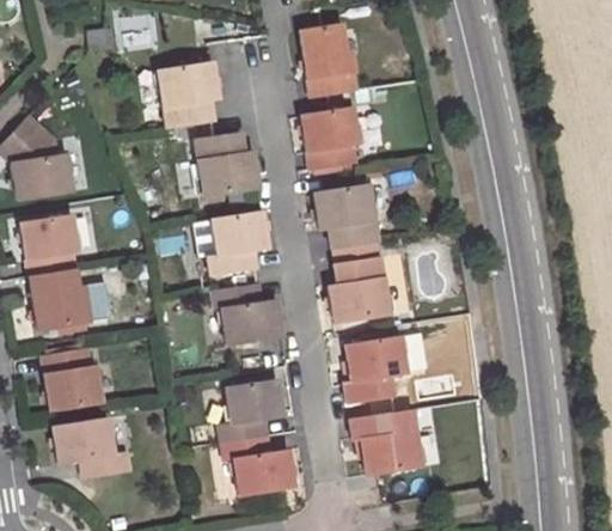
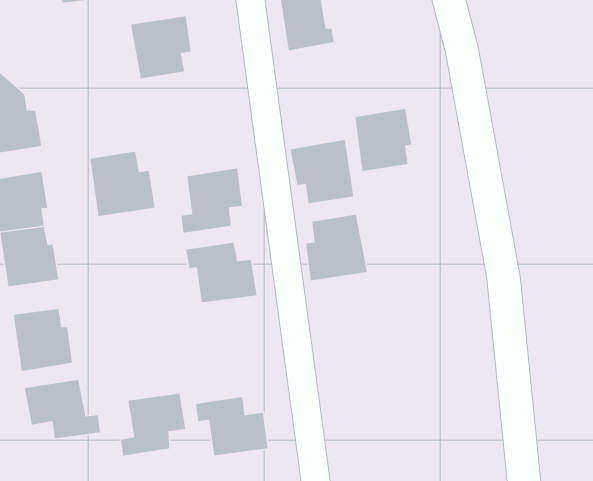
building: [302,108,359,170] -> [355,108,412,172]
building: [195,133,259,197] -> [89,151,156,217]
building: [344,337,405,402] -> none
building: [219,380,283,443] -> [120,393,186,456]
building: [349,411,421,474] -> none

